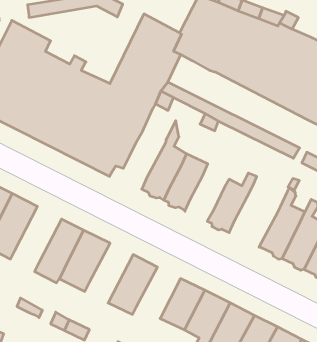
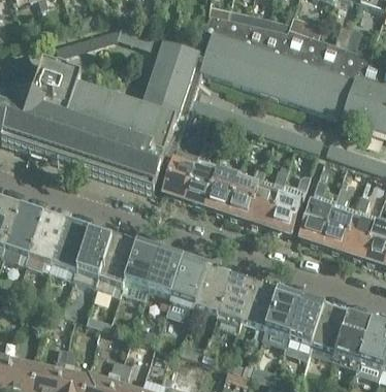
building: none -> [162,145,200,198]
building: none -> [227,161,267,219]
building: none -> [270,174,311,233]
building: none -> [74,228,116,288]
building: none -> [150,252,186,307]
building: none -> [196,267,232,314]

